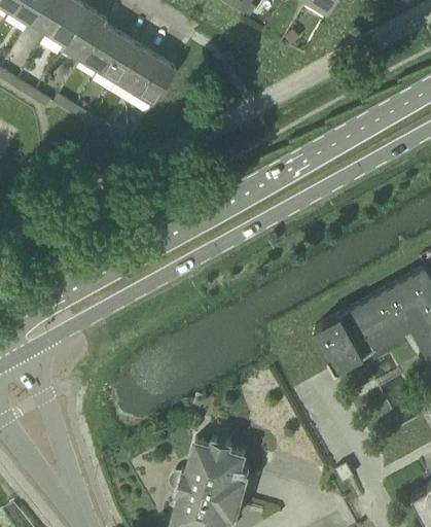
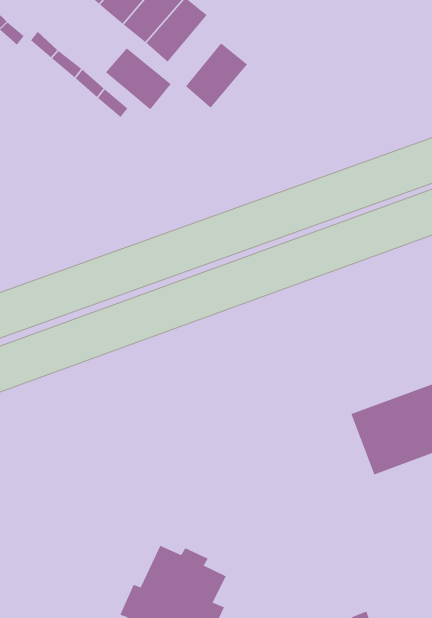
building: none -> [185,43,248,108]
building: none -> [105,48,171,110]

